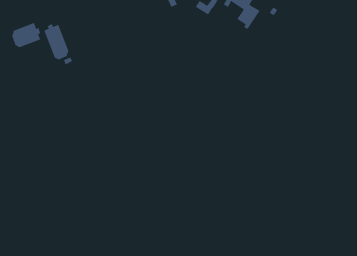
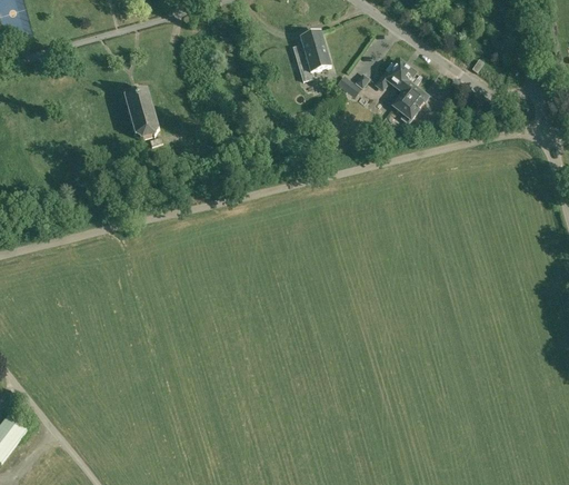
building: [12,22,41,48] -> none

